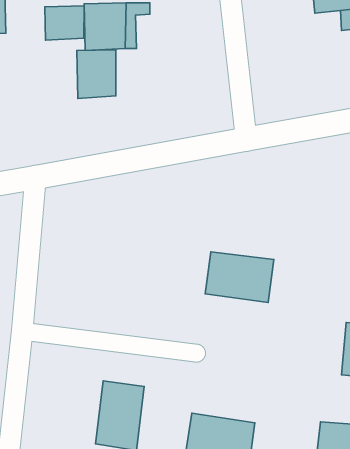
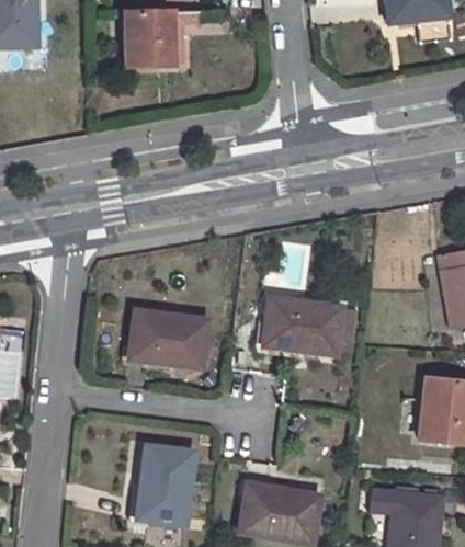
building: [45,6,84,40] -> none
building: [77,50,116,99] -> none
building: none -> [128,309,206,367]

